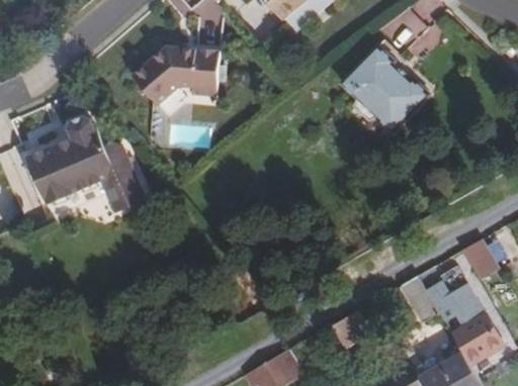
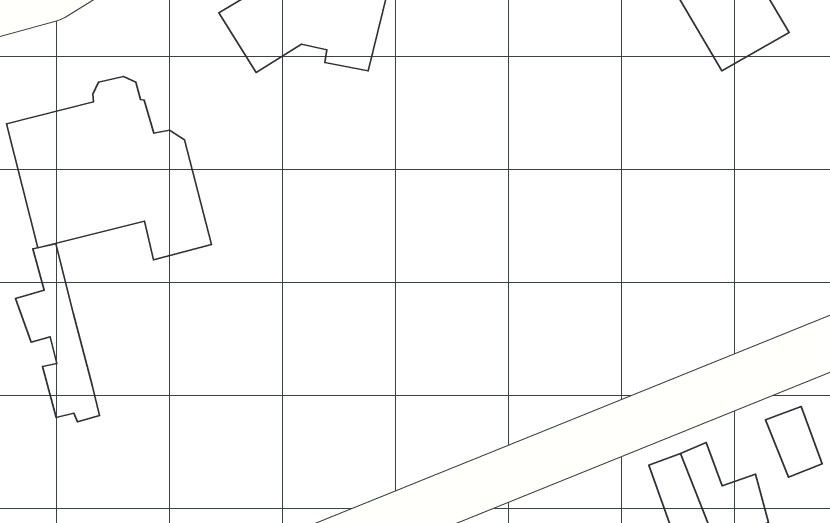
building: [342,42,436,136] -> none
building: none -> [15,244,99,422]

